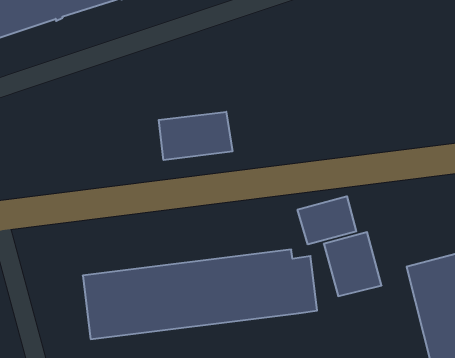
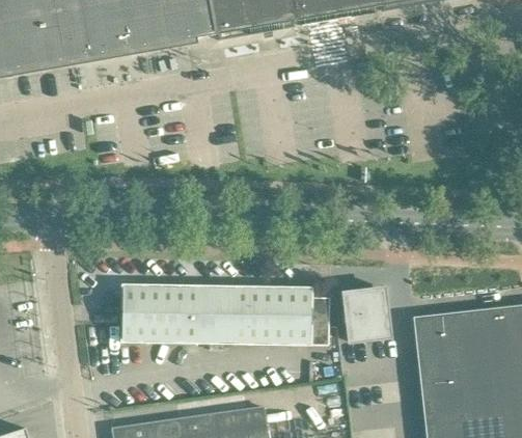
building: [159,112,232,160] -> none
building: [298,196,356,244] -> none

